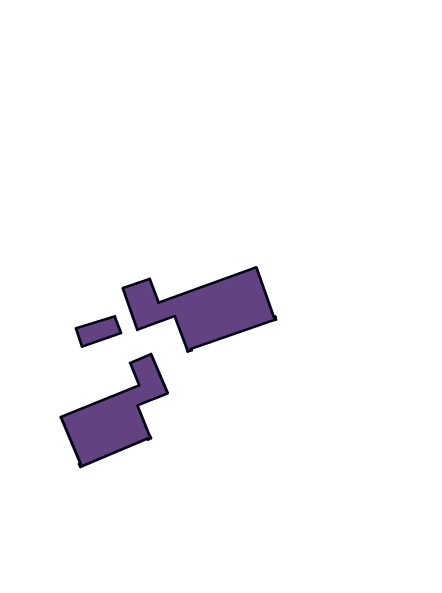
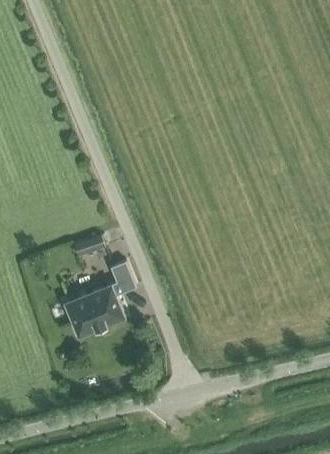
building: [123,267,276,352] -> none

